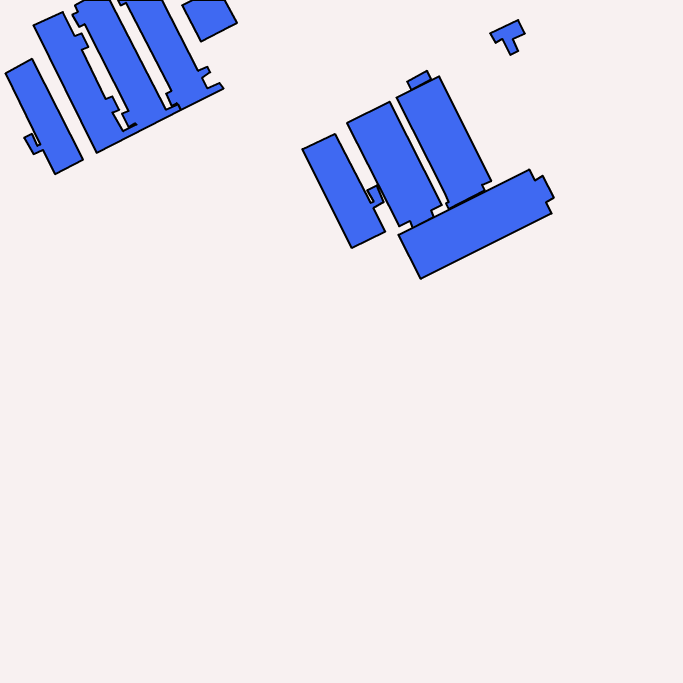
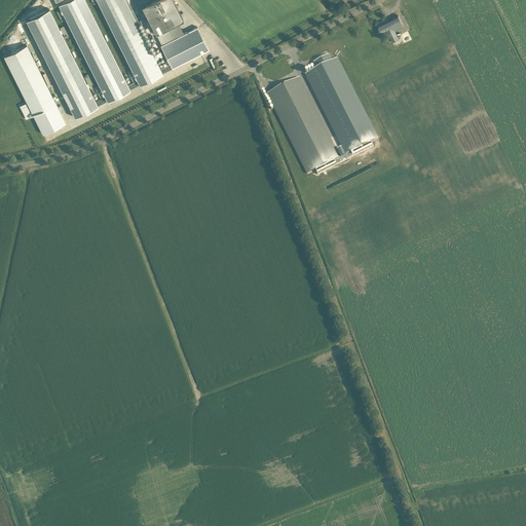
building: none -> [159,28,208,69]
building: [302,134,385,248] -> none
building: [398,169,554,279] -> none

